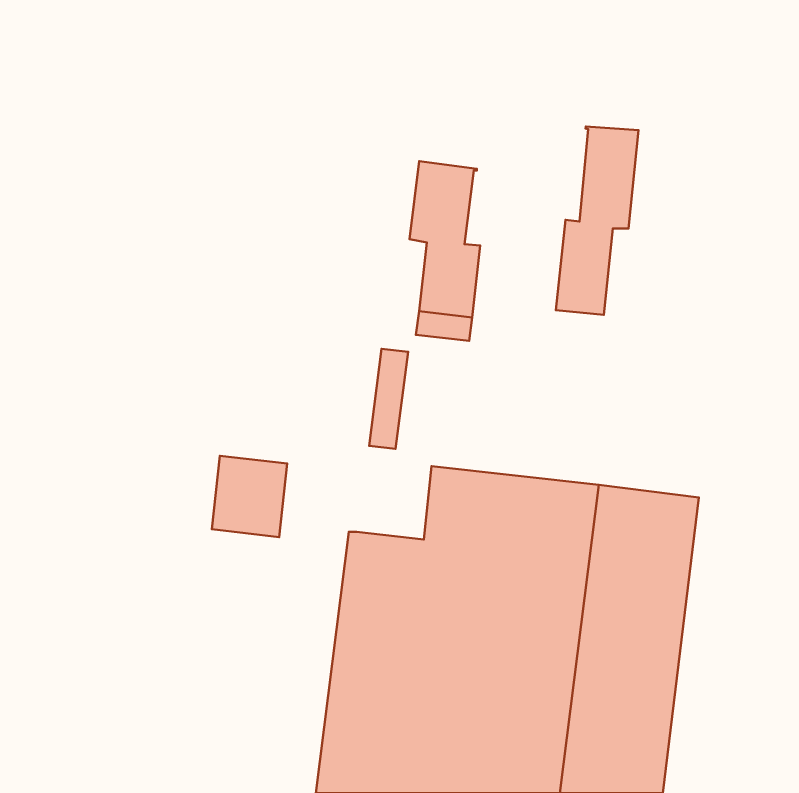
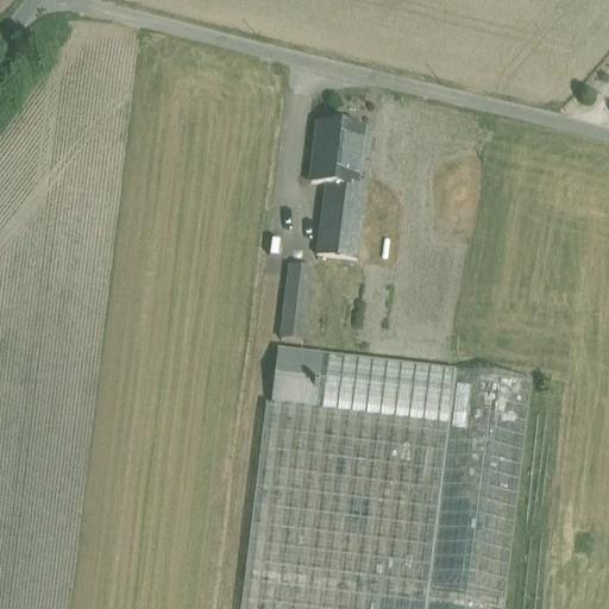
building: [556,126,638,315] -> none
building: [212,456,287,537] -> [271,349,328,410]

